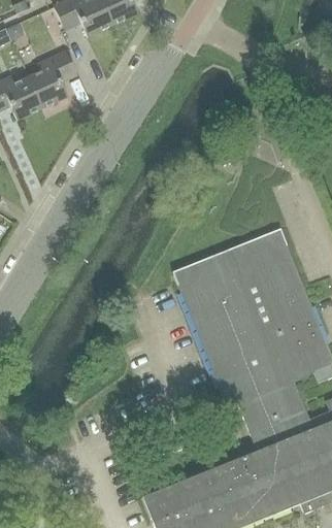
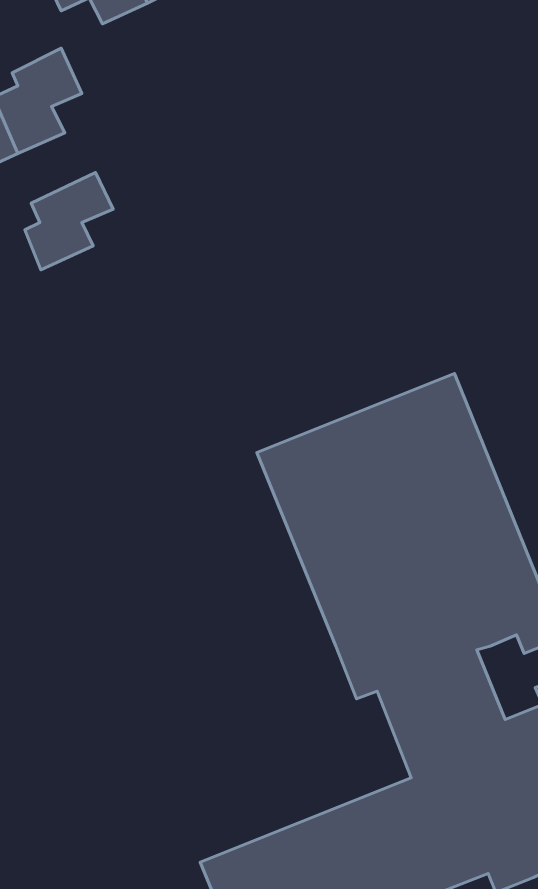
building: none -> [25,173,113,270]

